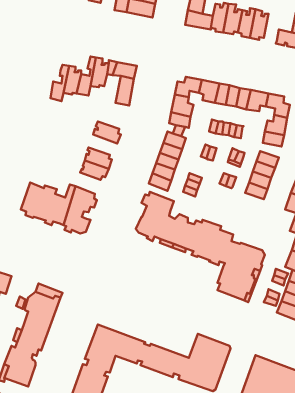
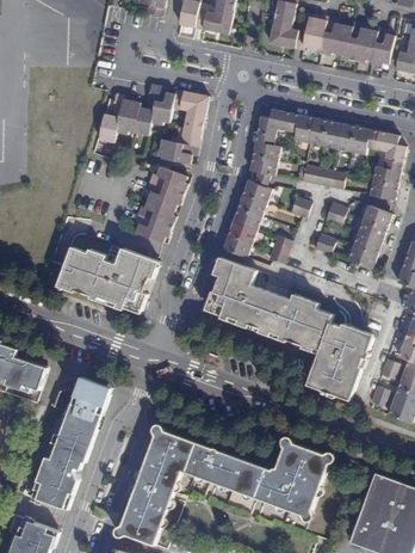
building: none -> [370,26,394,66]
building: none -> [160,141,198,162]
building: none -> [145,184,182,210]

